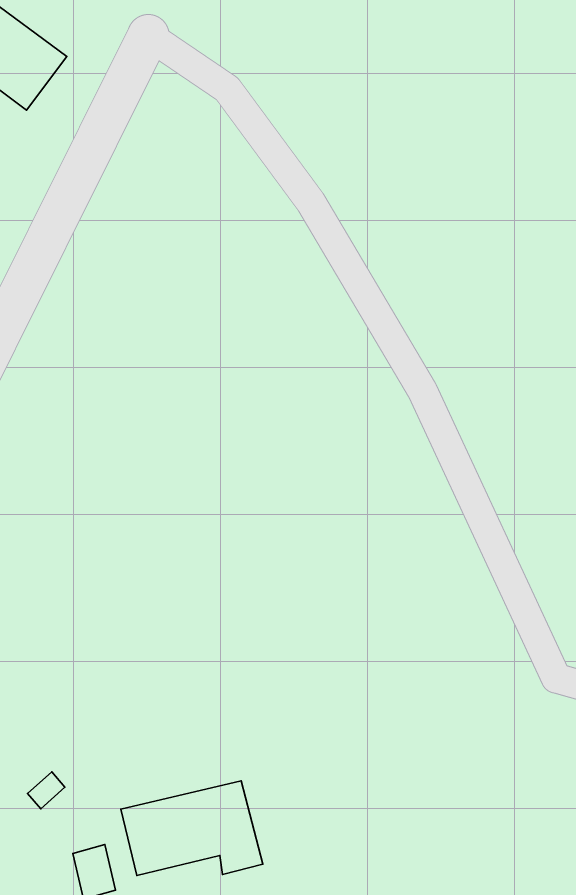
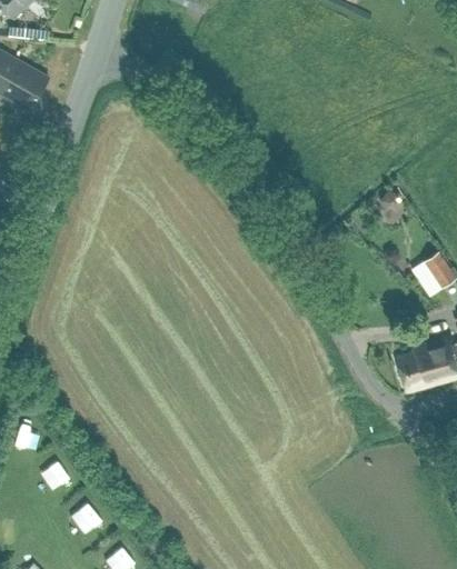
building: [121,781,263,875] -> none

